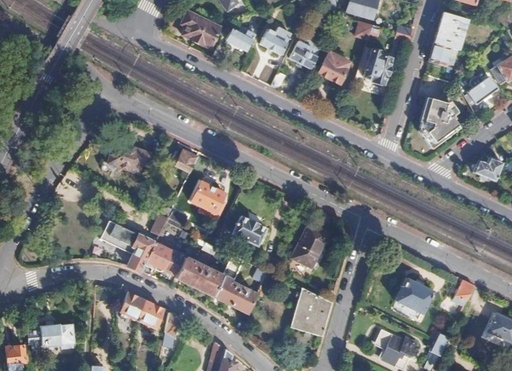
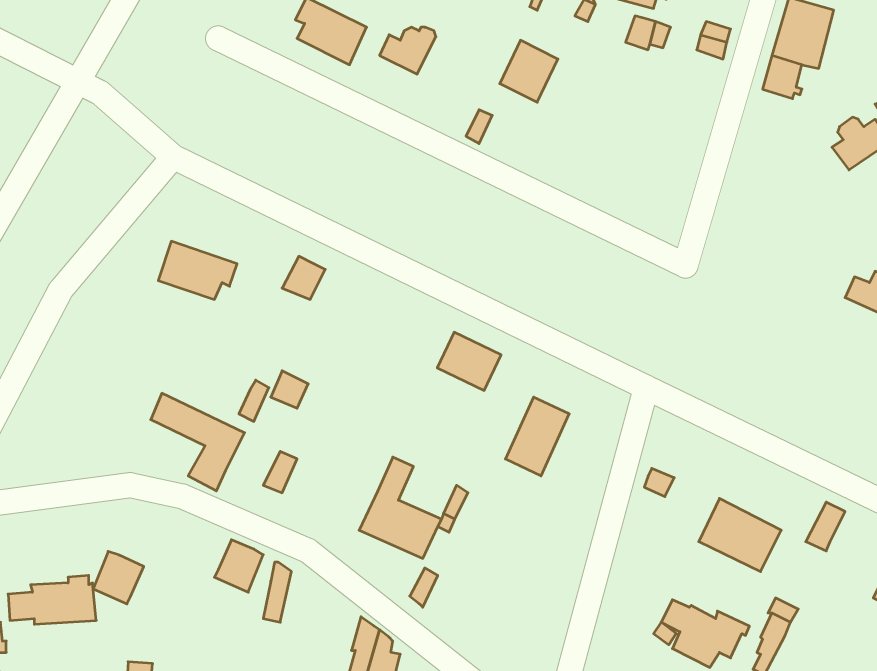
building: [259,25,290,52] -> none
building: [362,46,392,85] -> none
building: [318,51,349,82] -> none
building: [419,96,461,147] -> none
building: [190,182,224,214] -> none
building: [232,216,266,247] -> [437,332,501,390]
building: [143,243,172,273] -> none
building: [177,256,224,295] -> none
building: [289,289,331,336] -> none
building: [119,292,146,320] -> [93,551,144,604]

